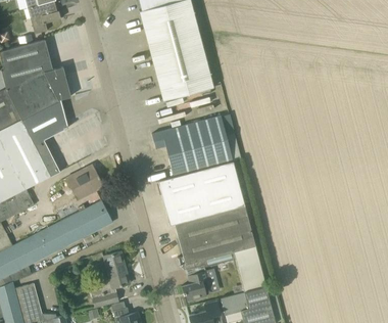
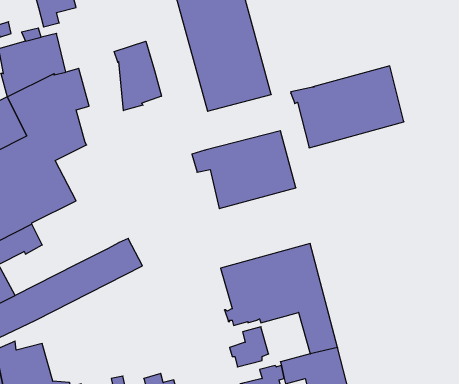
building: none -> [114,41,161,111]
building: [155,160,244,225] -> [291,66,404,148]
building: [55,168,103,221] -> none
building: [88,251,127,308] -> none

